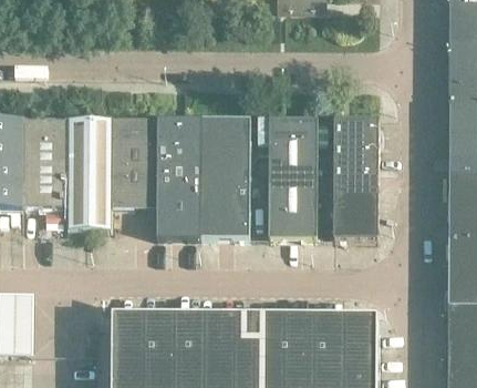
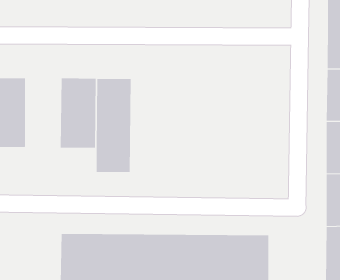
building: [68,115,113,226] -> none
building: [201,116,251,236] -> none
building: [269,116,318,237] -> none
building: [334,118,379,237] -> none

